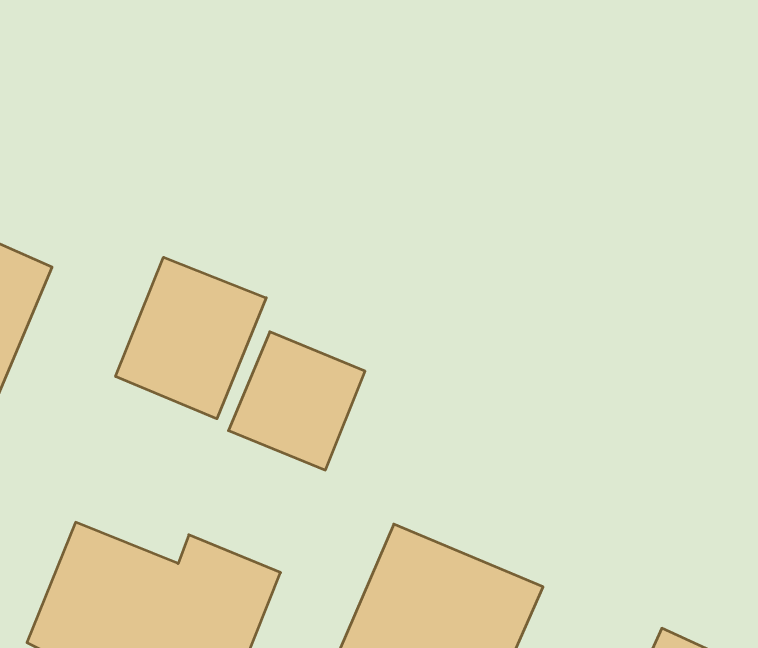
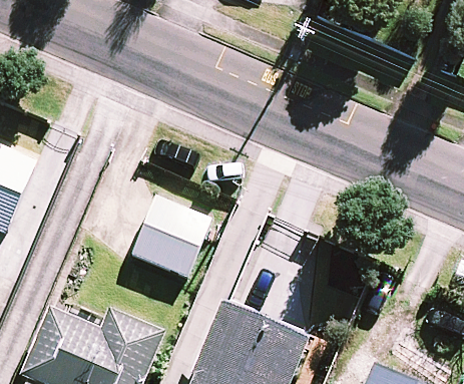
building: [116,257,266,419] -> none

